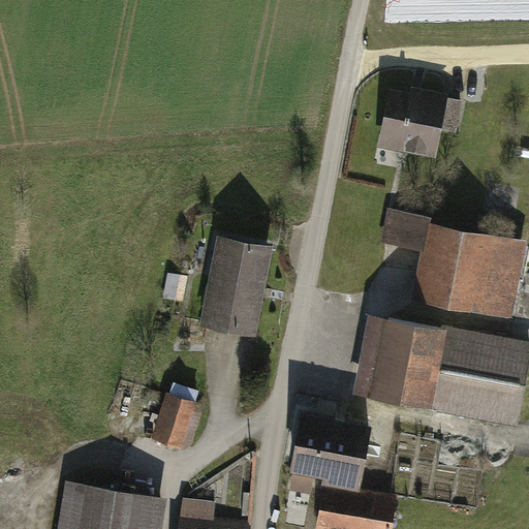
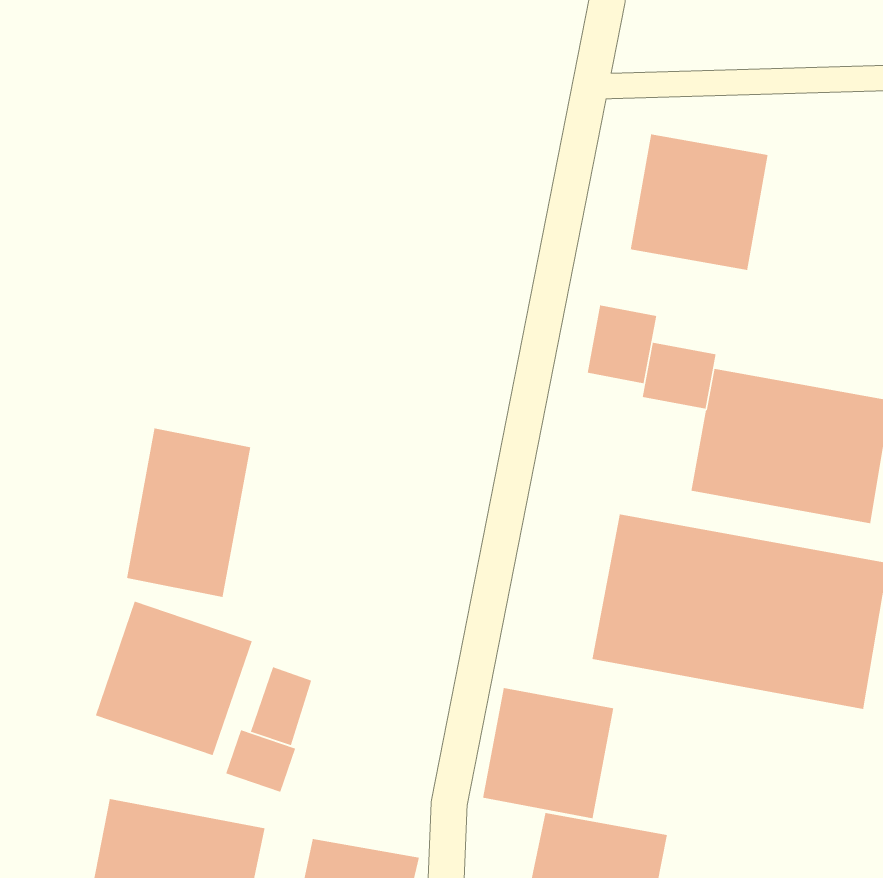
building: none -> [587,305,657,384]
building: [196,238,271,339] -> [126,428,251,598]
building: none -> [95,601,253,756]
building: none -> [225,729,296,793]

